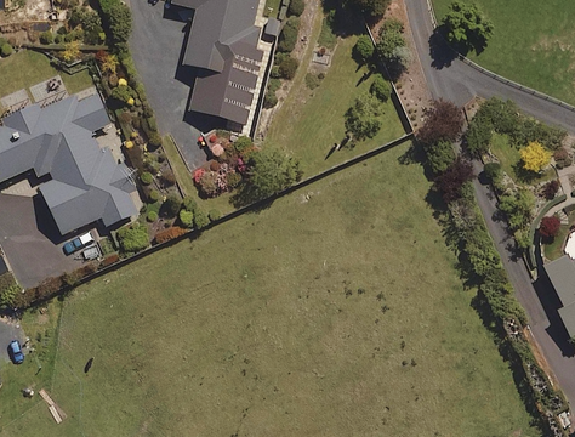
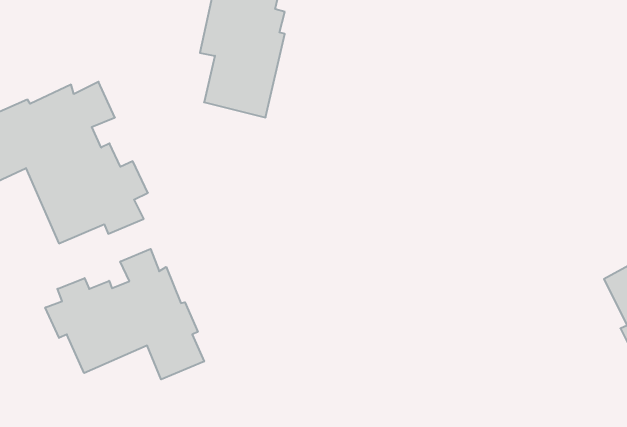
building: none -> [45,249,204,379]

